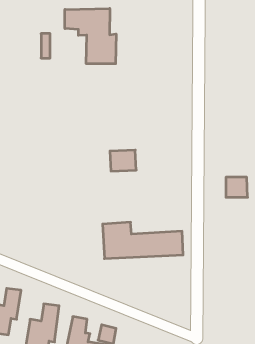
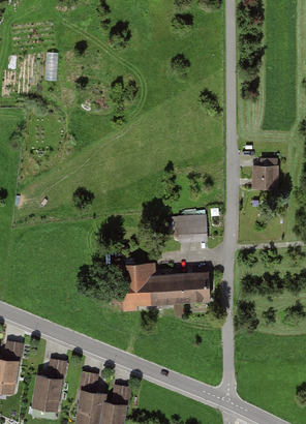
building: [65,8,116,64] -> none
building: [110,150,136,171] -> [176,217,206,241]
building: [226,177,248,197] -> [253,163,278,186]

